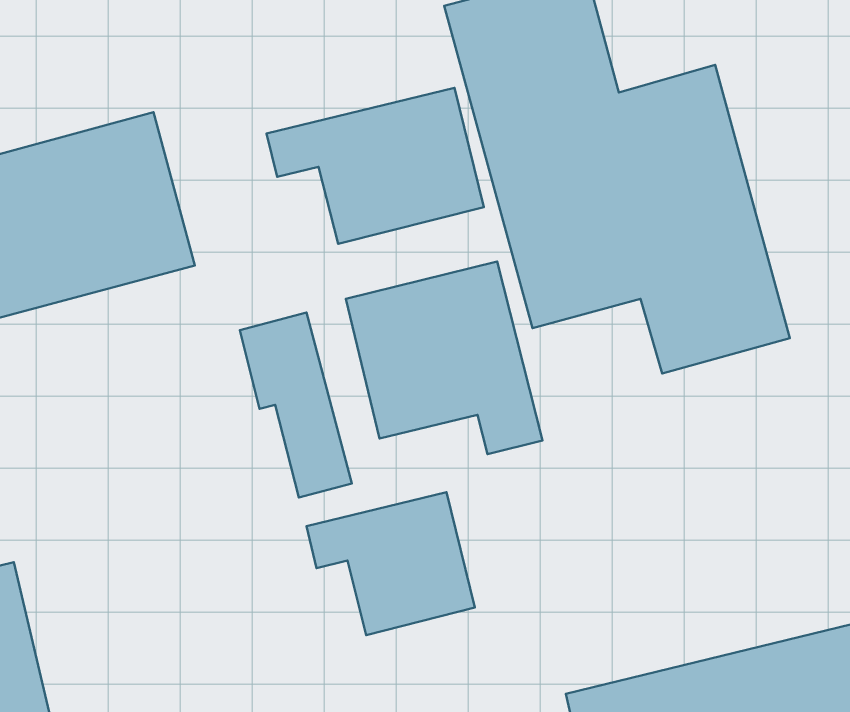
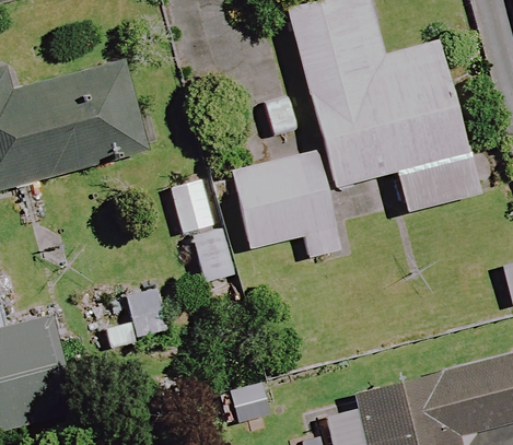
building: [267,88,484,244] -> none
building: [306,492,475,635] -> none

